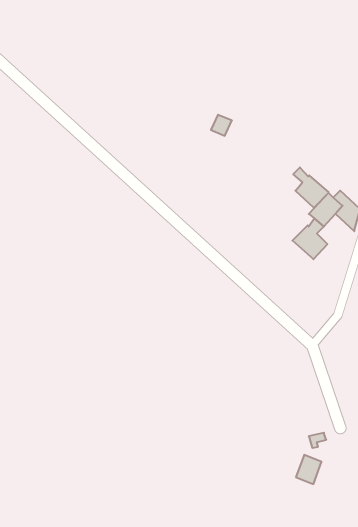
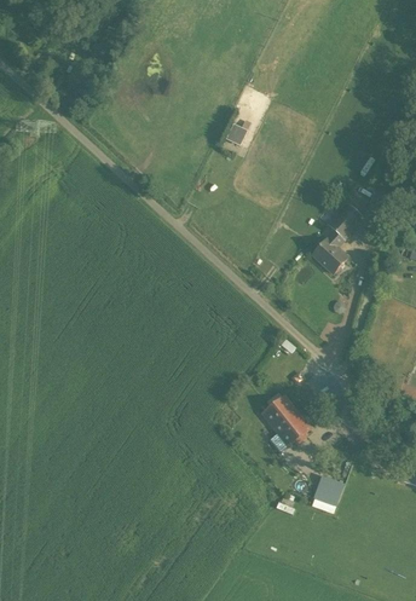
building: [293,167,329,208] -> none
building: none -> [261,397,311,447]

